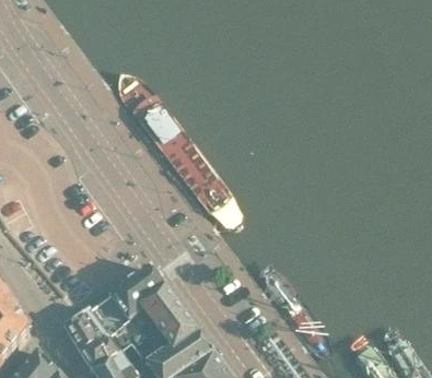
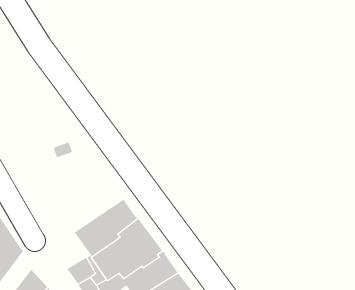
building: [65,307,109,351] -> none

